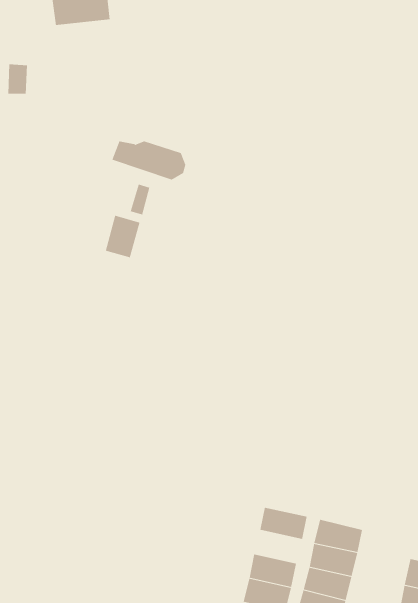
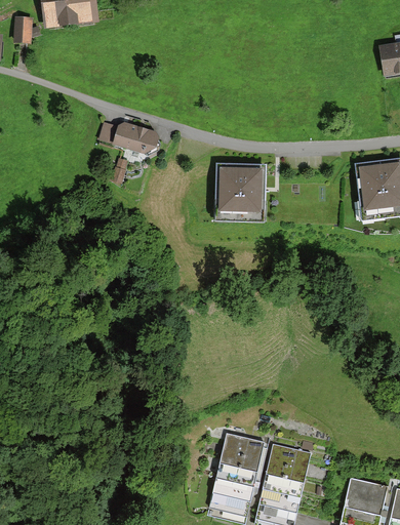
building: [7,64,28,94] -> [14,18,32,44]
building: none -> [221,169,261,210]
building: [105,215,140,258] -> none
building: none -> [217,454,259,483]

